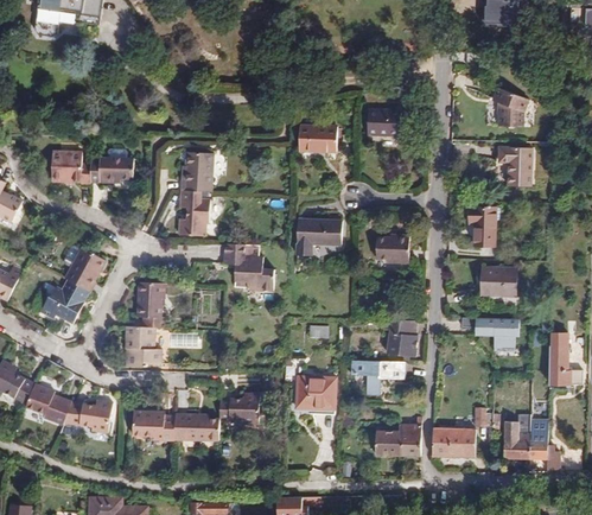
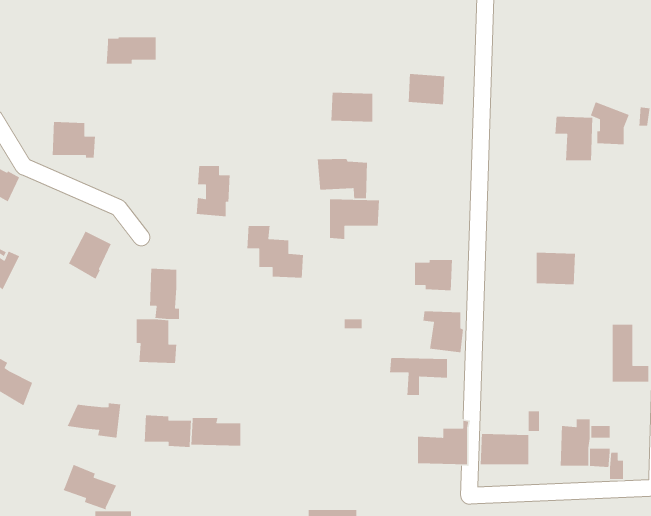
building: [491,88,527,127] -> [590,101,630,145]
building: [180,152,212,191] -> none
building: [88,158,133,183] -> [106,36,156,64]
building: none -> [317,158,368,199]
building: [467,206,495,247] -> none
building: [375,235,409,263] -> [414,259,453,291]
building: [40,279,89,323] -> none
building: [475,318,517,348] -> none
building: [295,376,335,409] -> none
building: [24,383,72,425] -> [62,464,117,510]
building: [218,394,259,425] -> none

